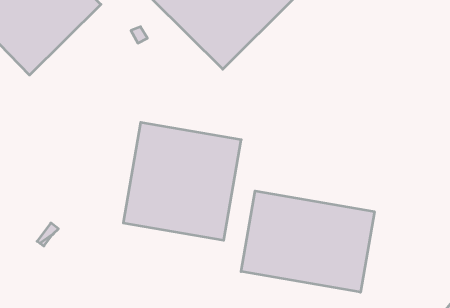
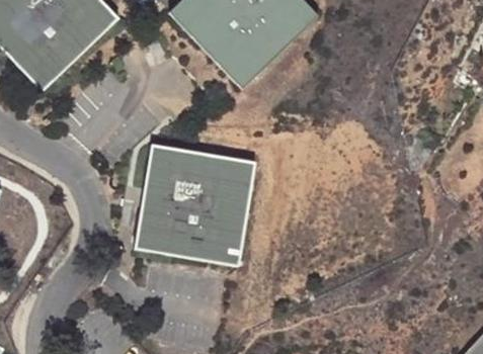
building: [241,191,374,292] -> none

